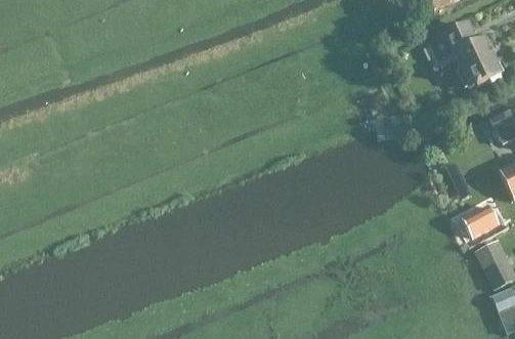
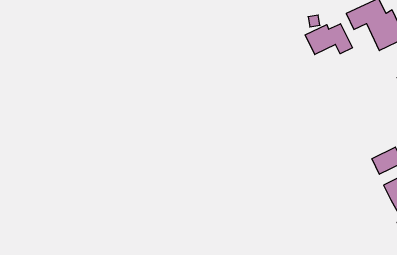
building: none -> [305,24,352,55]

